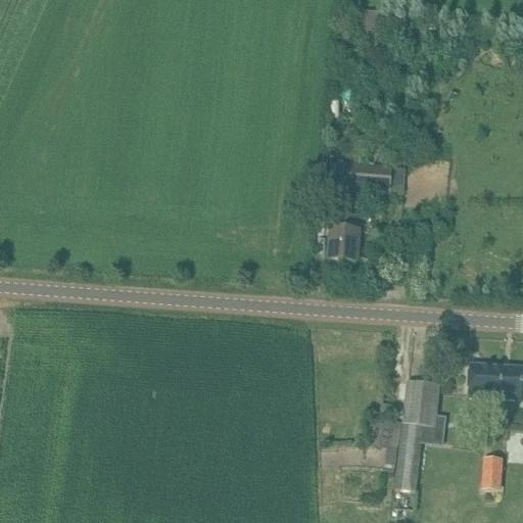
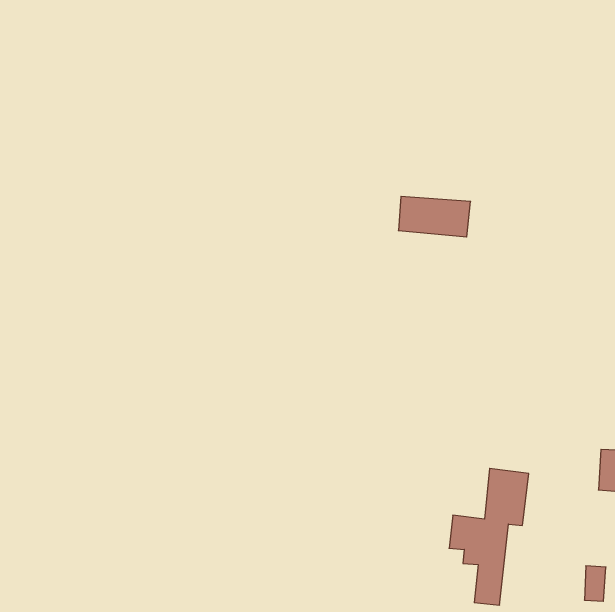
building: [330,212,360,260] -> none
building: [469,363,498,396] -> none

